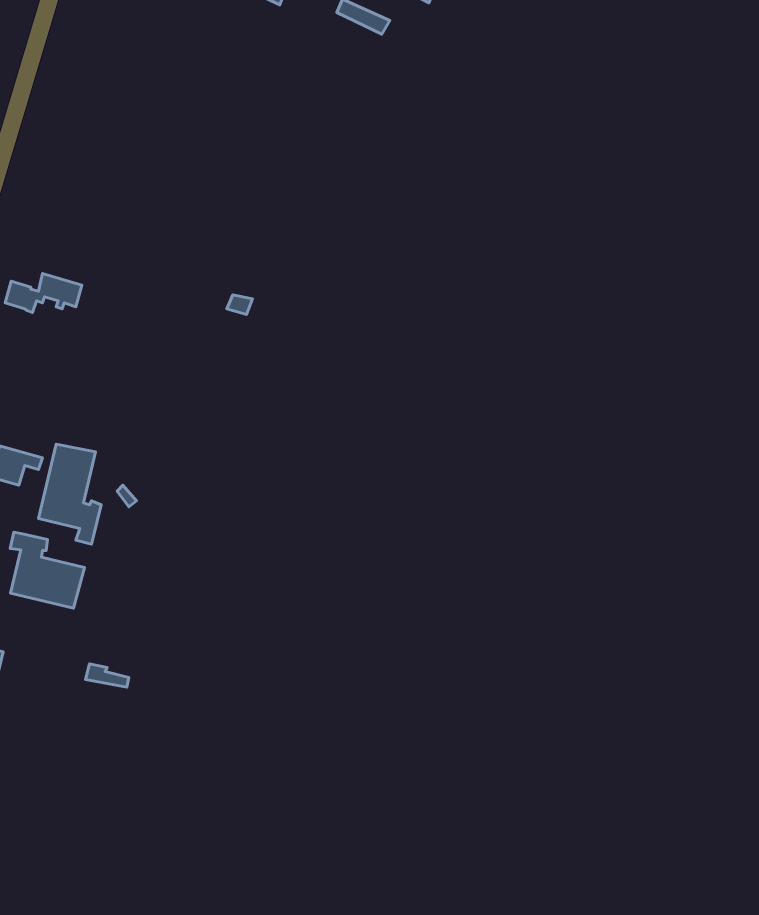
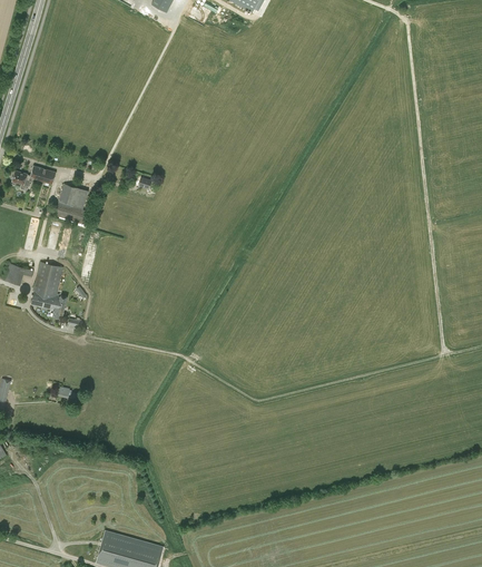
building: none -> [53,183,87,224]
building: [10,532,84,608] -> none

